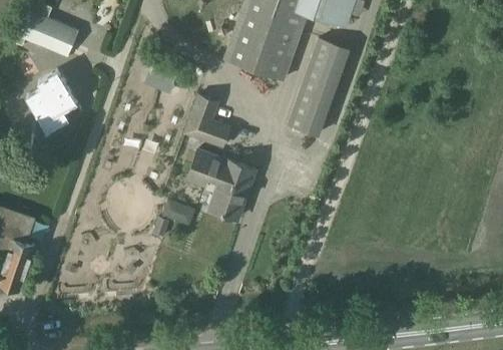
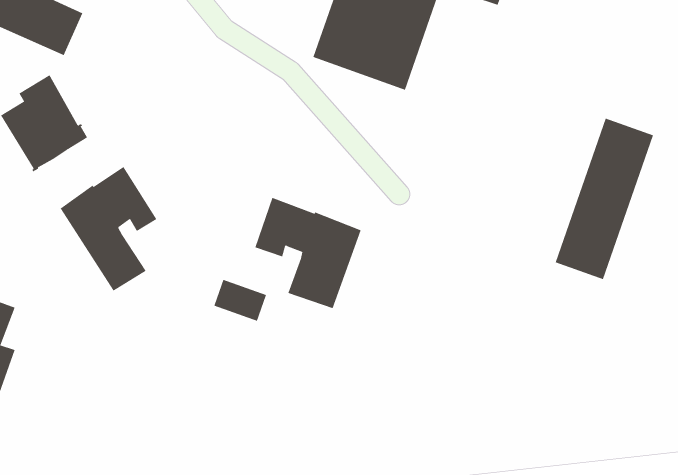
building: [288,38,351,141] -> [555,118,654,280]
building: [183,93,231,148] -> none
building: none -> [60,166,157,292]

